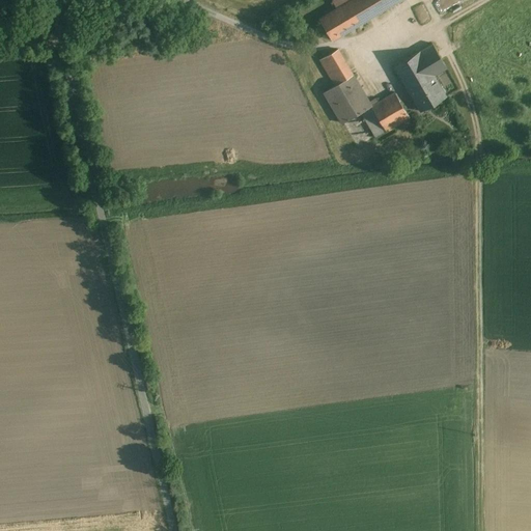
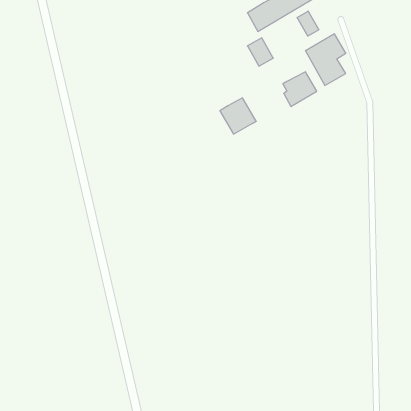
building: none -> [297,11,319,36]
building: [324,75,370,121] -> [220,98,256,134]

